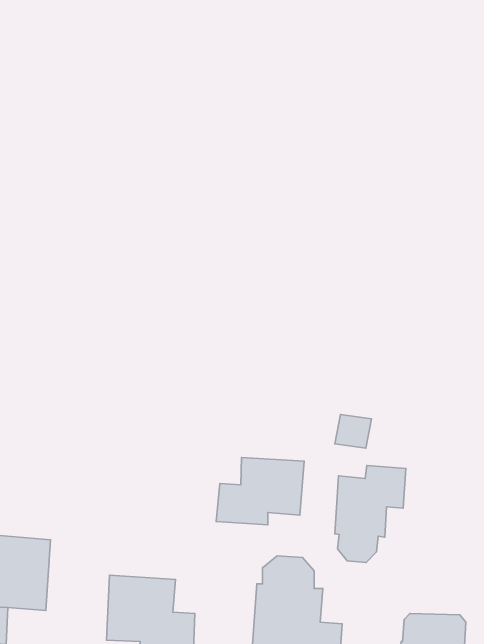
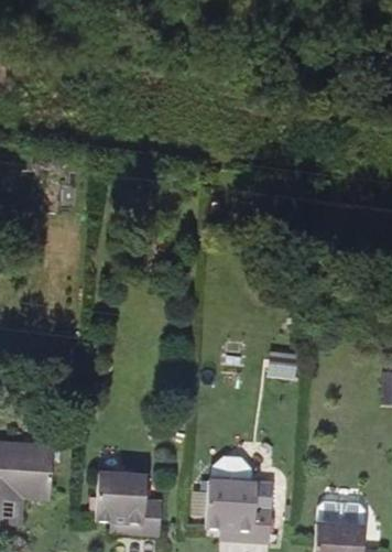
building: [216,458,304,525] -> none
building: [335,465,406,562] -> none

